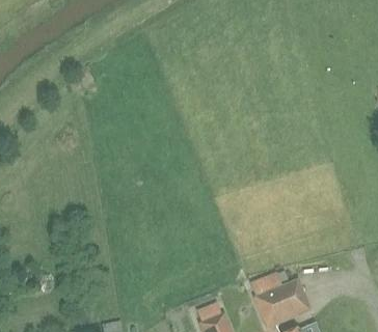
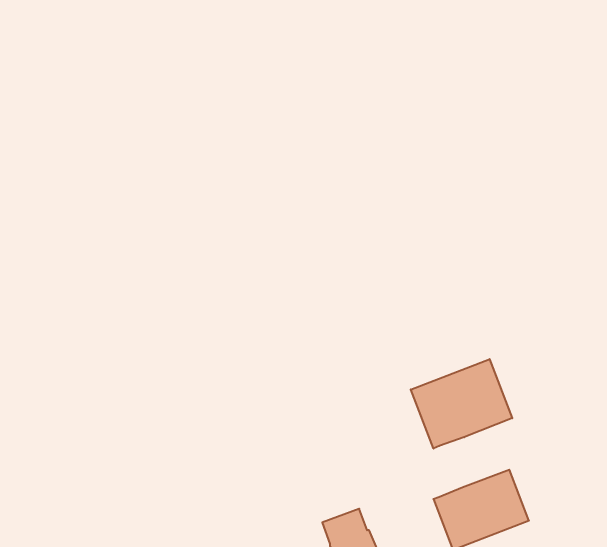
building: none -> [411,359,512,449]

